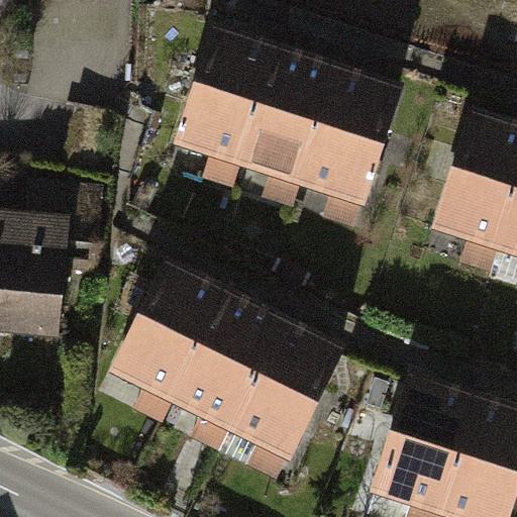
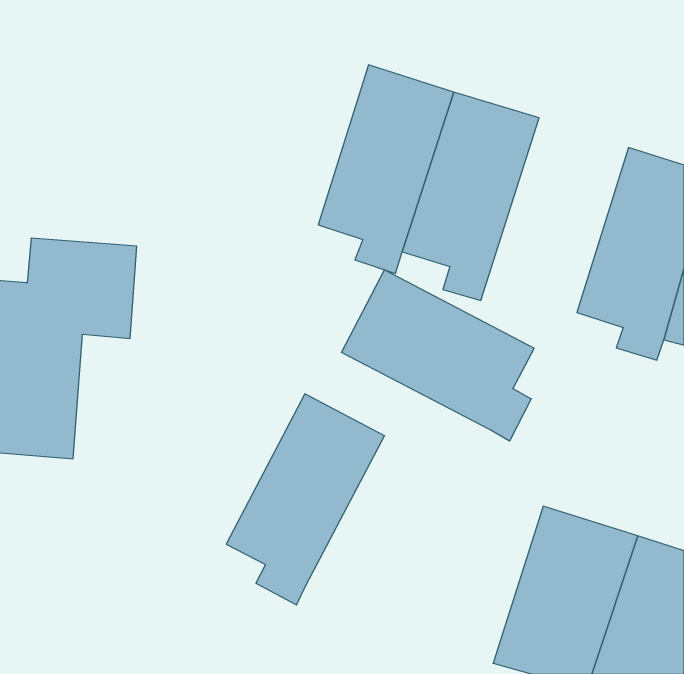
building: [174,28,275,184] -> none
building: none -> [341,270,534,441]
building: [109,263,227,421] -> none
building: [228,325,346,482] -> none

